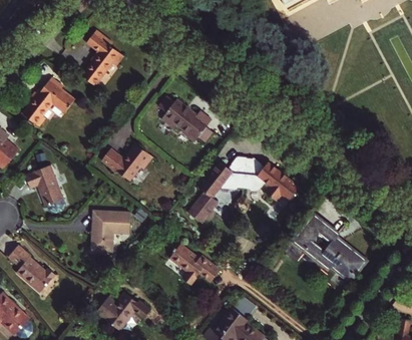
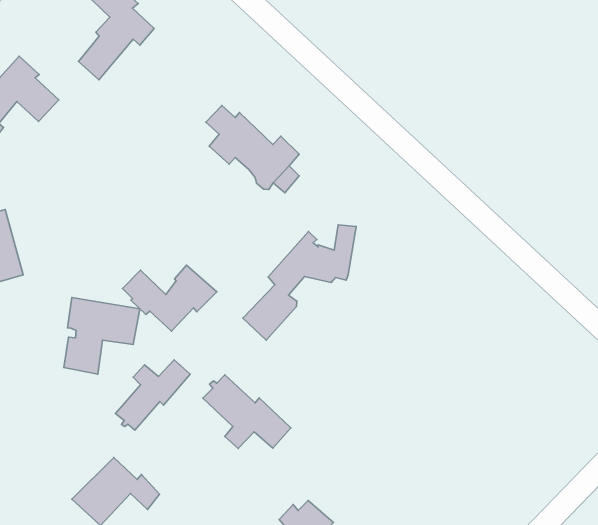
building: [101,143,153,181] -> [123,265,217,331]
building: [244,155,298,201] -> none
building: [294,215,366,281] -> none
building: none -> [115,360,190,430]

